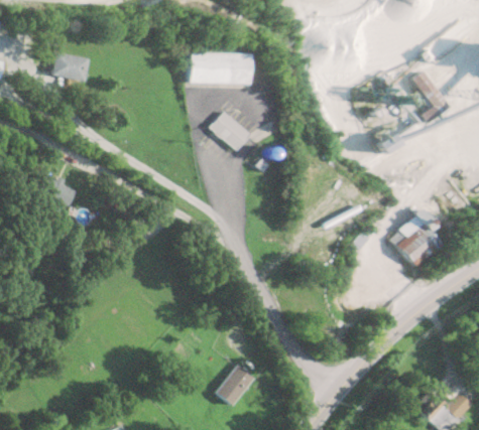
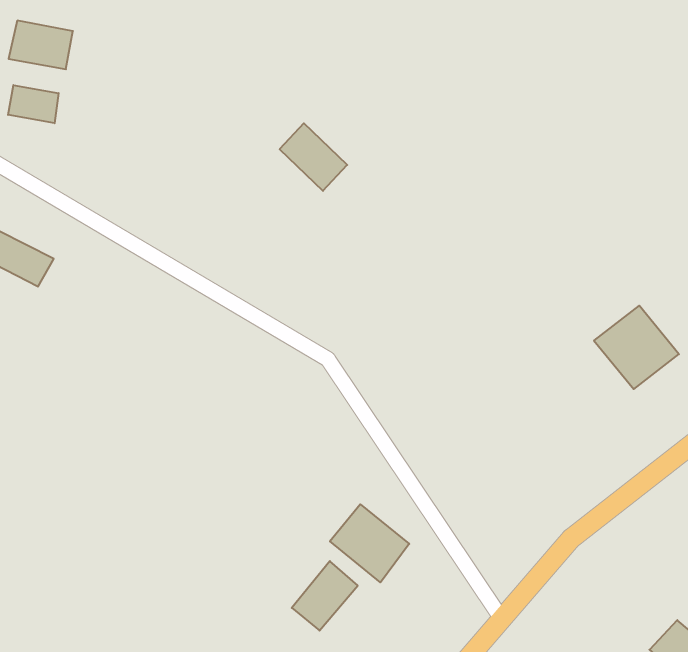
building: [188,52,244,84] -> none
building: none -> [8,85,59,123]
building: none -> [330,504,409,582]

